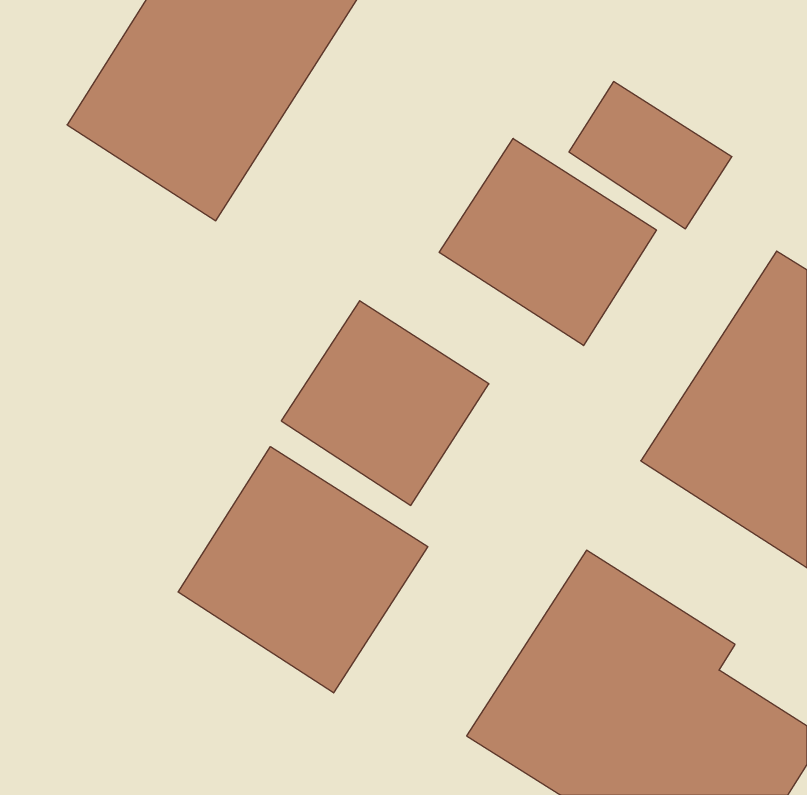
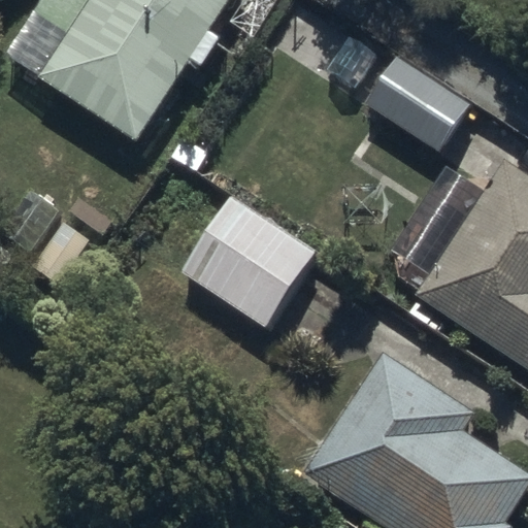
building: [439,138,656,346] -> none
building: [178,447,428,693] -> none

